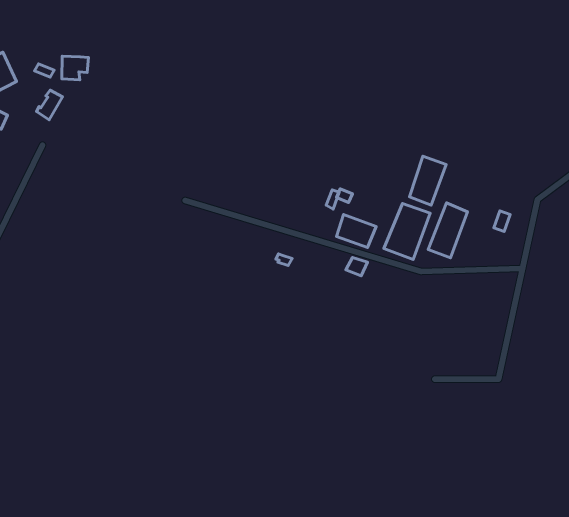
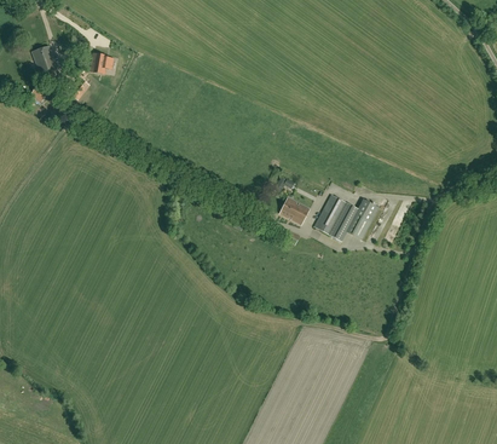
building: [410,156,446,205] -> none

